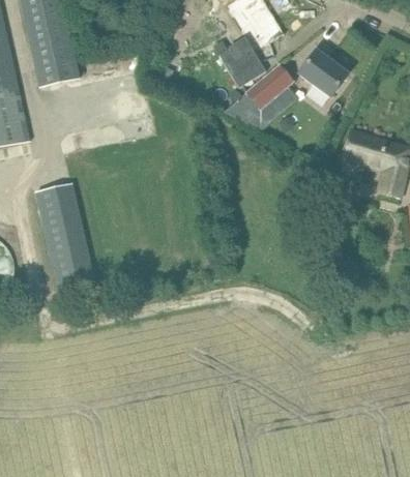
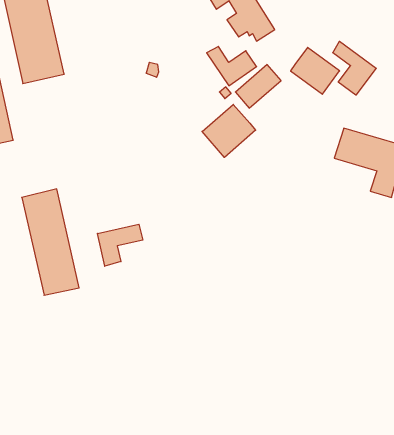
building: none -> [333,41,376,95]
building: none -> [202,104,256,157]
building: none -> [97,224,143,266]

